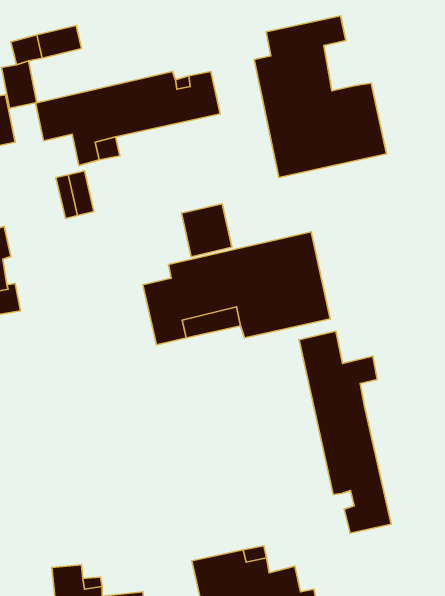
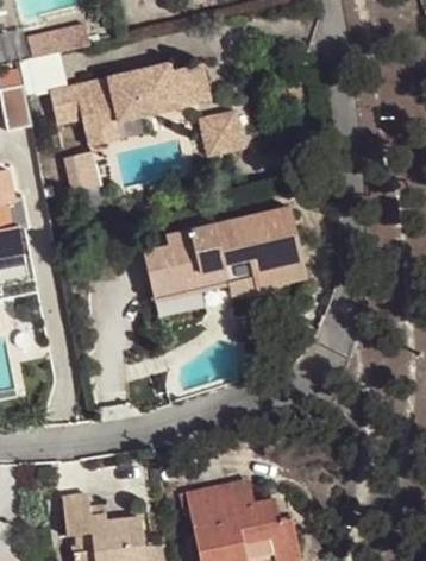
building: [254,16,387,178] -> none
building: [182,204,232,257] -> [199,111,243,157]
building: [299,331,391,533] -> none

